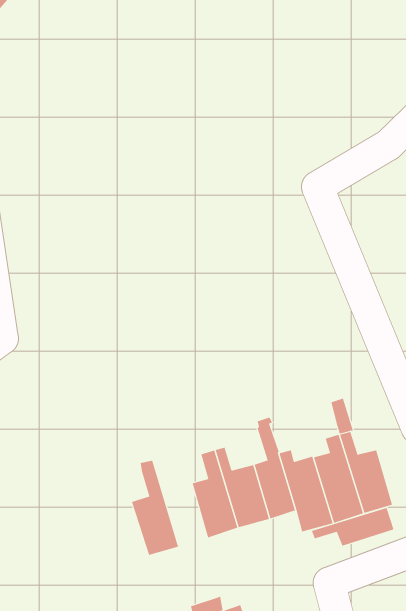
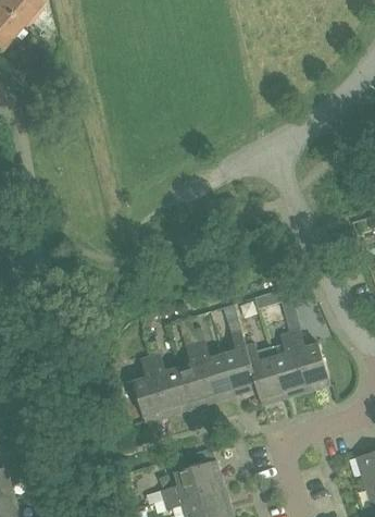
building: none -> [147,341,190,415]
building: [311,507,394,547] -> none

